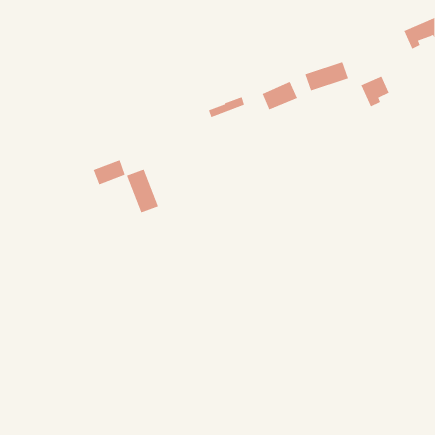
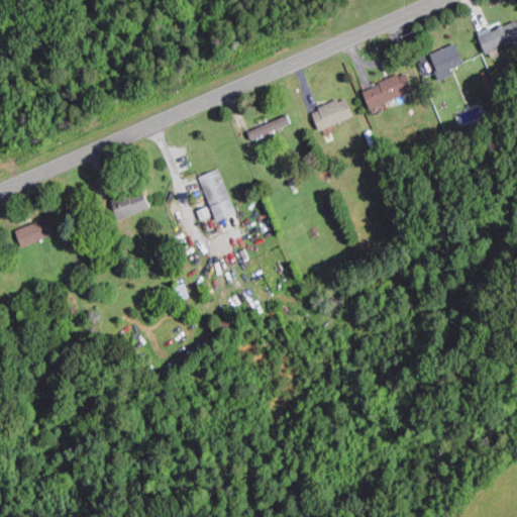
building: [360,76,389,107] -> [428,43,462,81]
building: [126,169,159,213] -> [197,168,235,220]
building: none -> [14,217,54,247]

